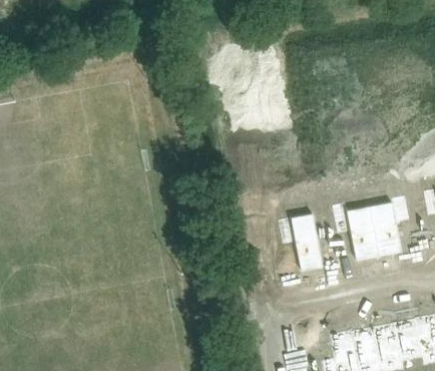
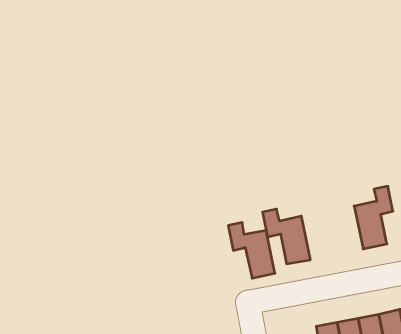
building: [333,205,380,261] -> [228,223,275,278]

